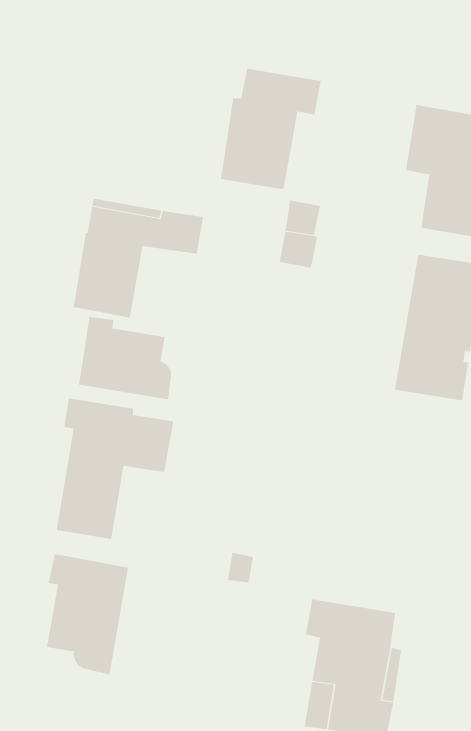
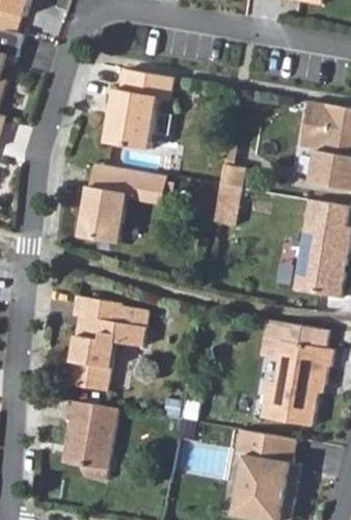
building: [220,68,322,190] -> [105,70,172,150]
building: [79,316,171,400] -> none
building: none -> [259,317,331,426]

